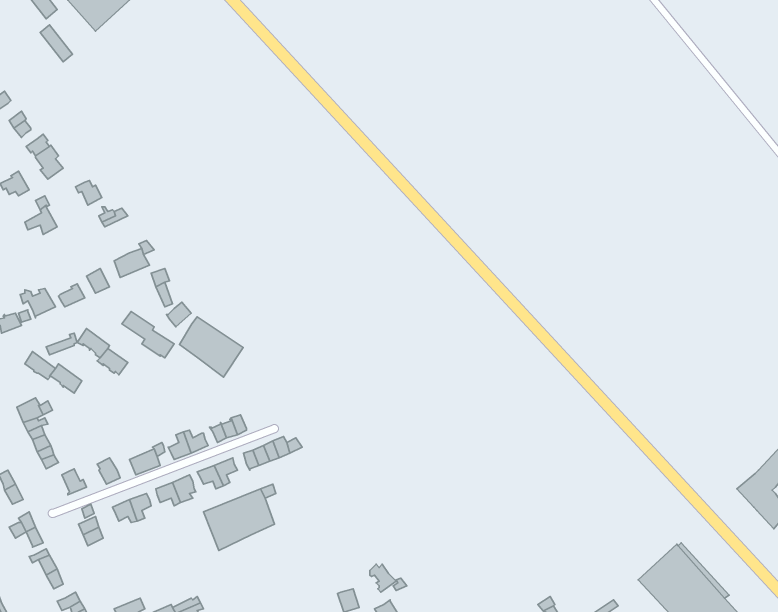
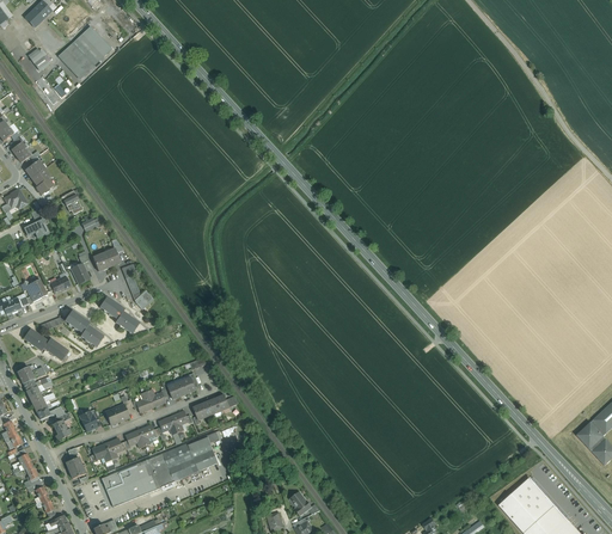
building: [179,317,243,377] -> none
building: none -> [102,453,175,507]

